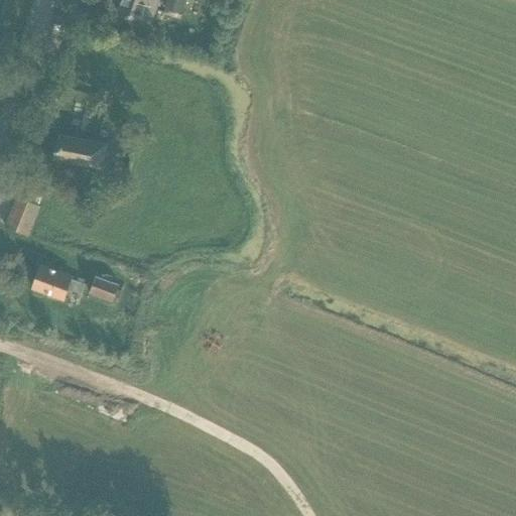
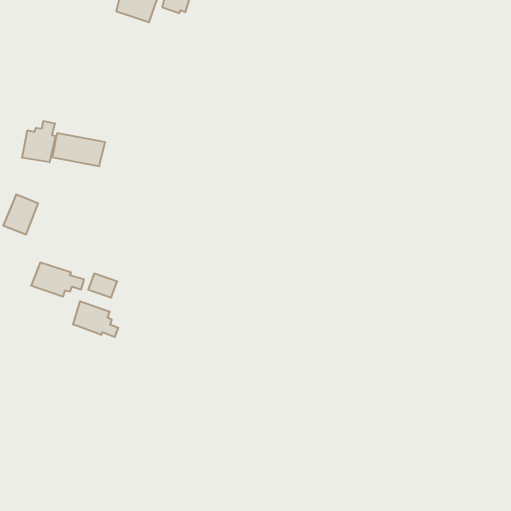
building: none -> [22,121,55,162]
building: none -> [73,301,118,337]

